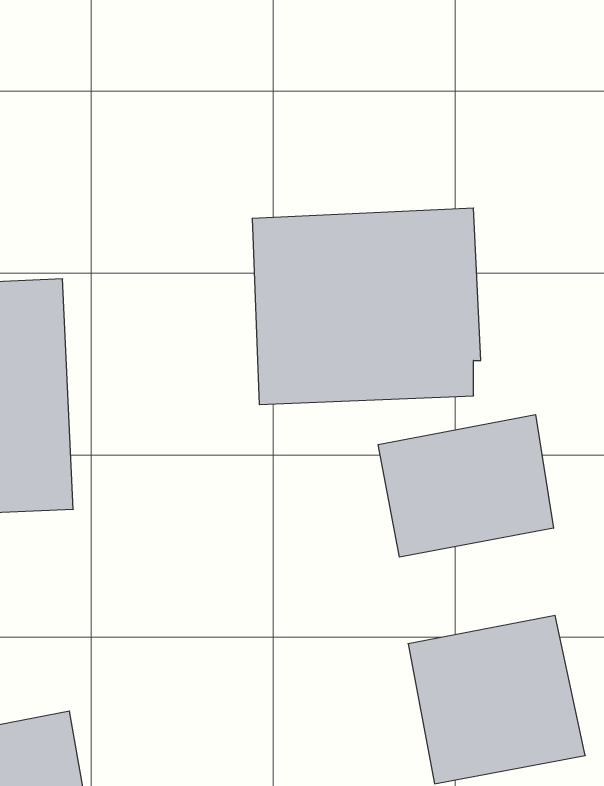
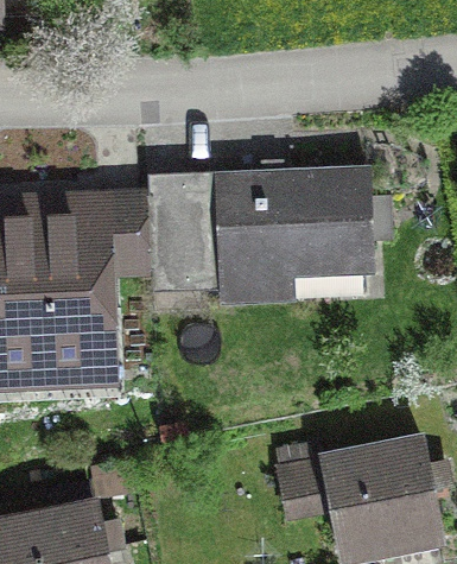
building: none -> [99,195,196,270]
building: [378,415,553,557] -> none

